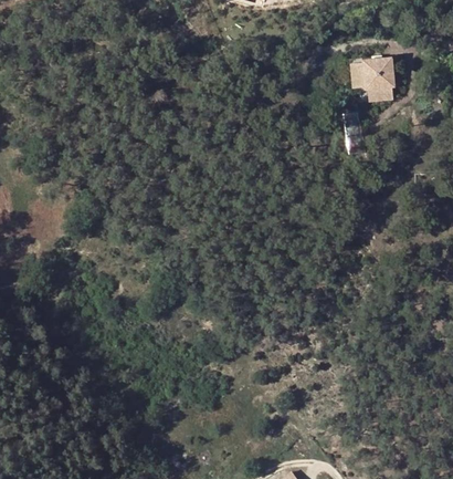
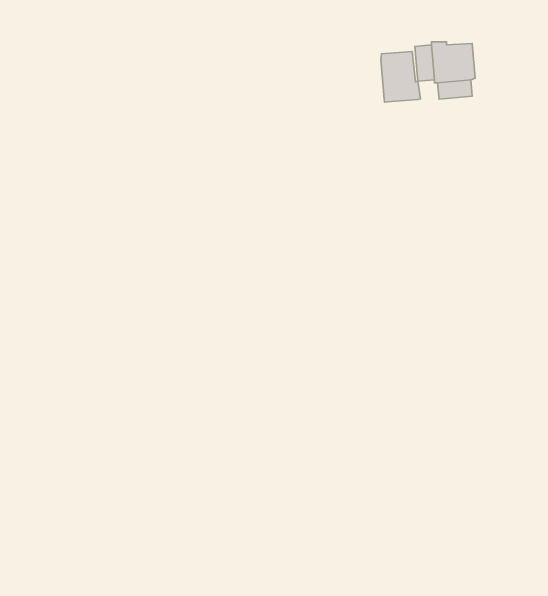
building: none -> [381,51,421,102]

